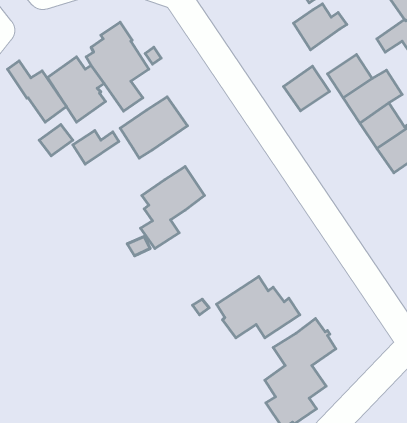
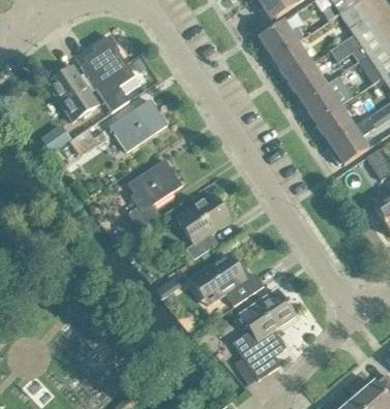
building: [8,61,67,122] -> none
building: [284,66,329,111] -> [272,40,311,78]
building: none -> [176,192,233,258]

